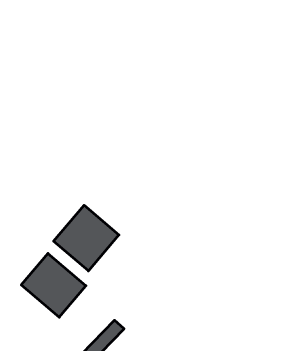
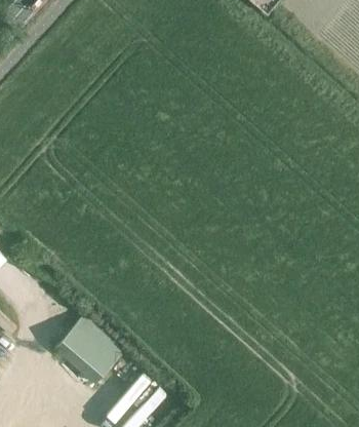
building: [54,205,119,271] -> none

